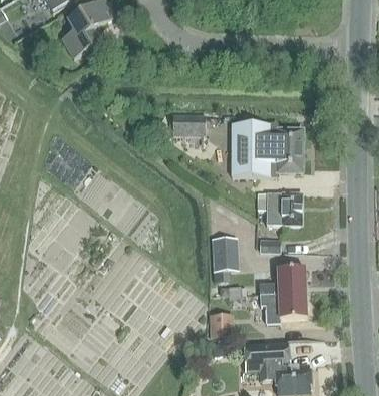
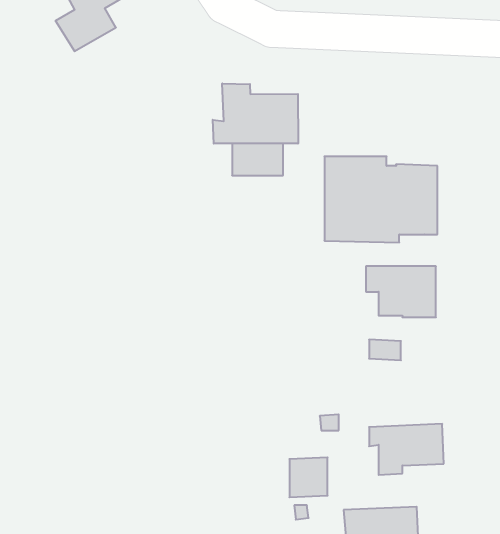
building: none -> [213,83,298,144]
building: [211,237,239,271] -> none
building: [258,267,305,294] -> none

